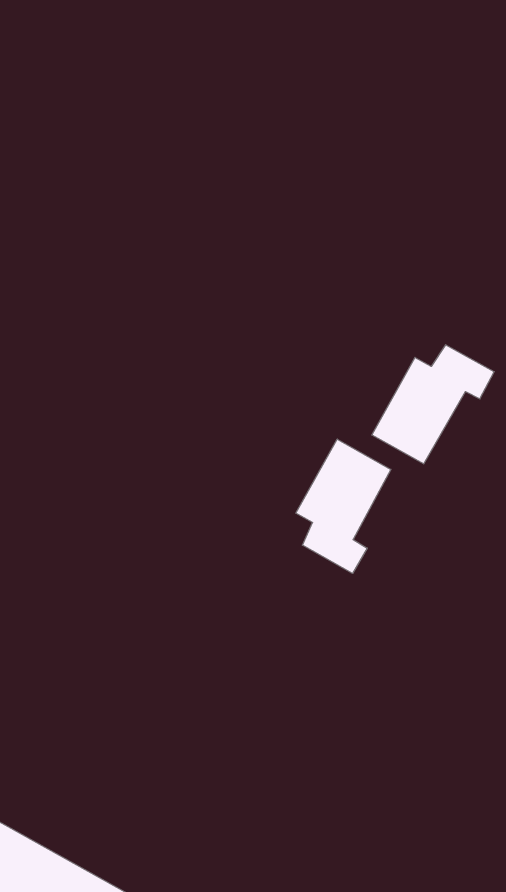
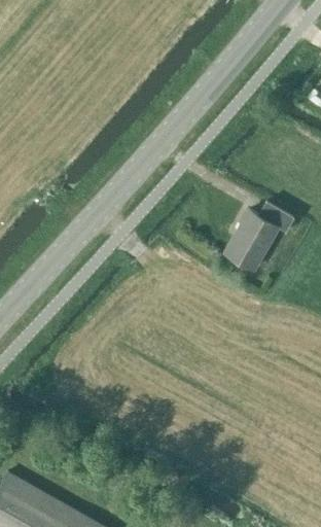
building: [296,439,391,573] -> none

